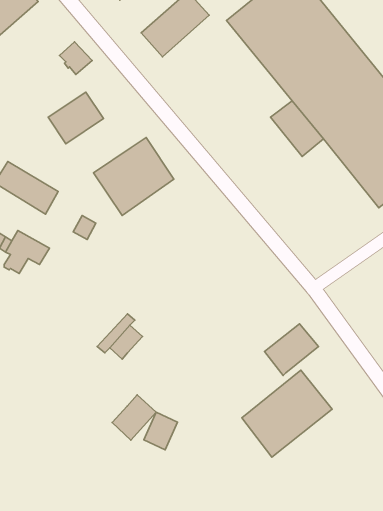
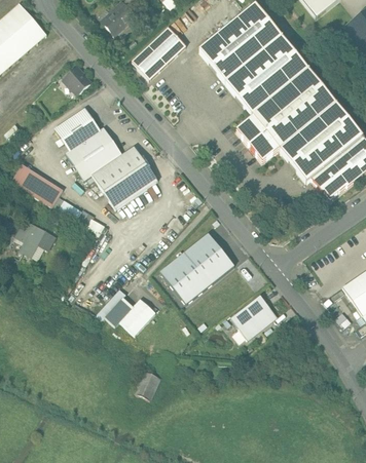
building: none -> [66,127,122,180]
building: [242,370,332,457] -> [159,233,233,304]
building: [112,395,156,440] -> [119,299,155,336]

